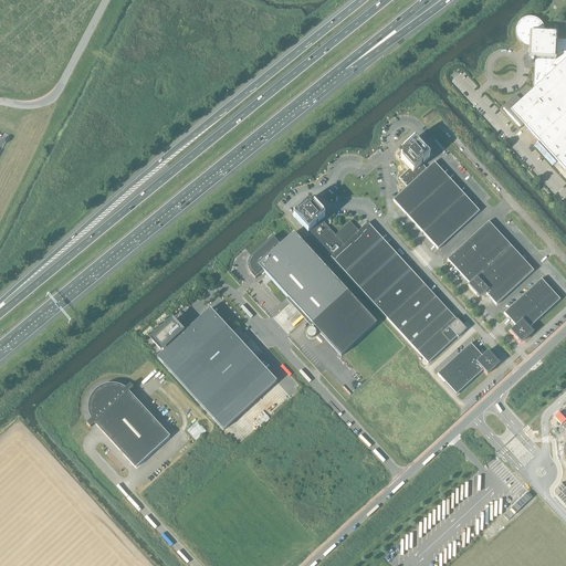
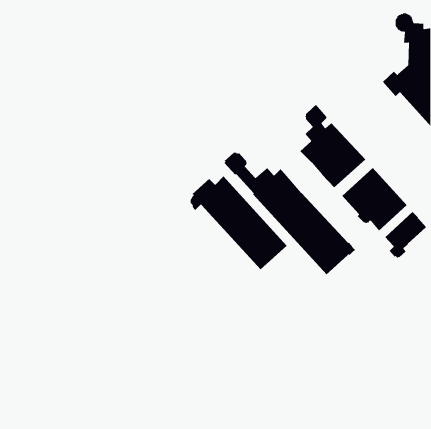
building: [151,306,276,428] -> none
building: [438,342,497,391] -> none
building: [91,384,169,465] -> none

